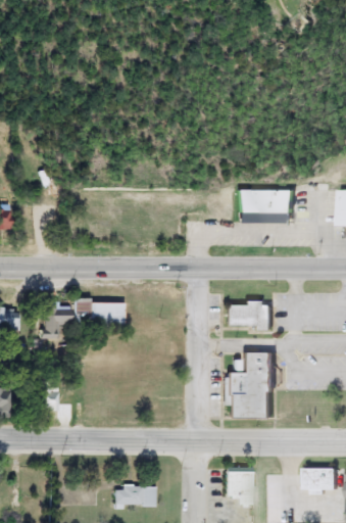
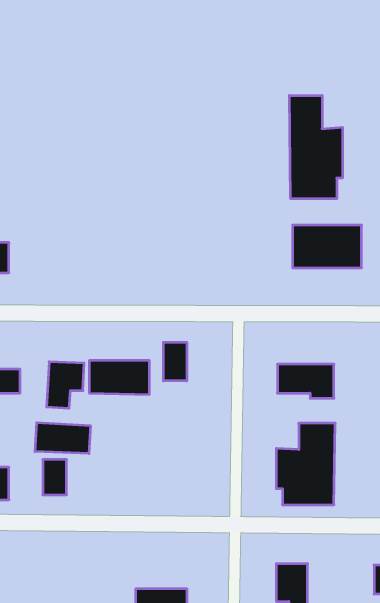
building: none -> [289,95,342,199]
building: none -> [163,342,187,381]
building: none -> [35,423,90,454]

